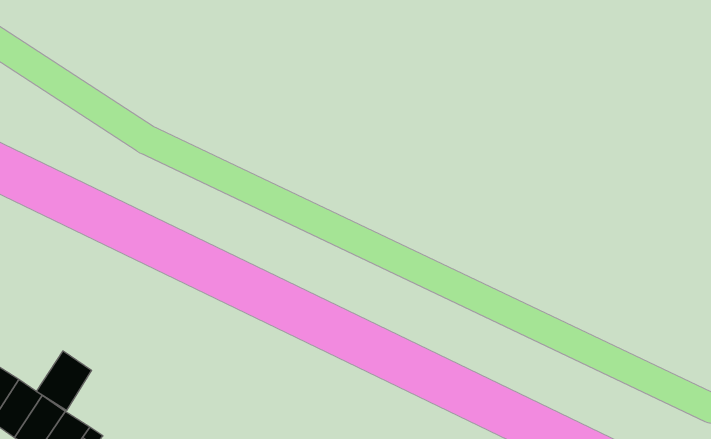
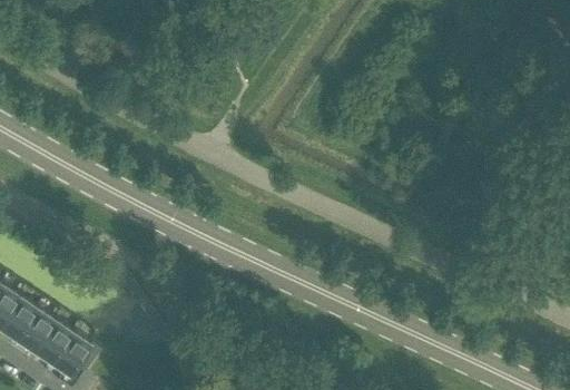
building: [36,351,92,410] -> none

